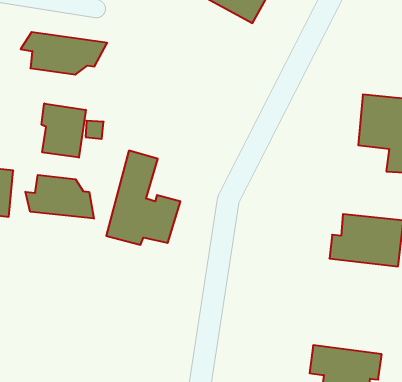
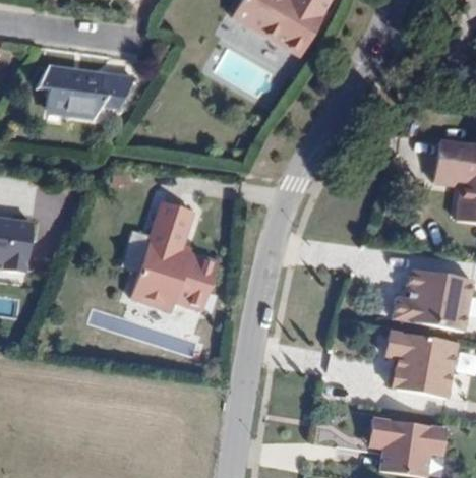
building: [42,103,86,158] -> none
building: [25,175,94,219] -> none
building: none -> [383,333,457,398]

